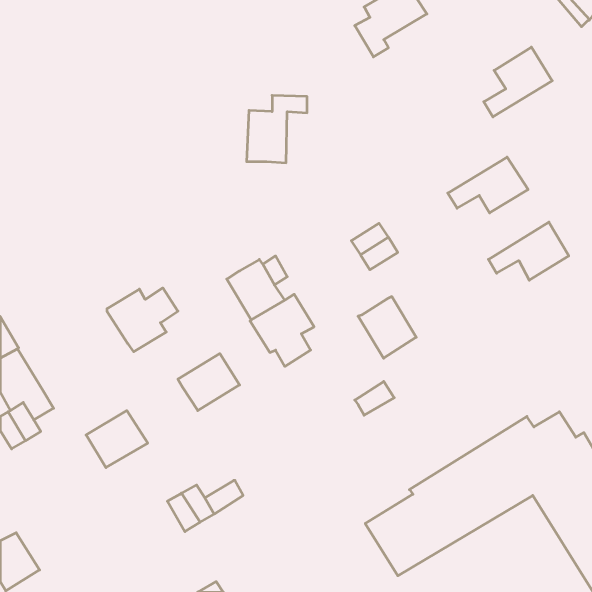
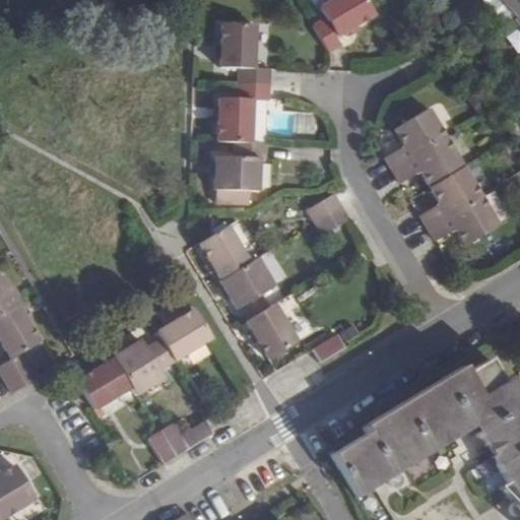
building: none -> [220,23,271,84]
building: [484,47,552,117] -> [385,108,445,169]
building: none -> [214,141,265,203]
building: none -> [420,166,481,226]
building: [107,288,178,352] -> [113,338,175,394]
building: [358,297,416,358] -> [248,304,299,358]

